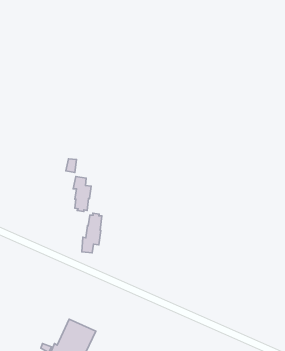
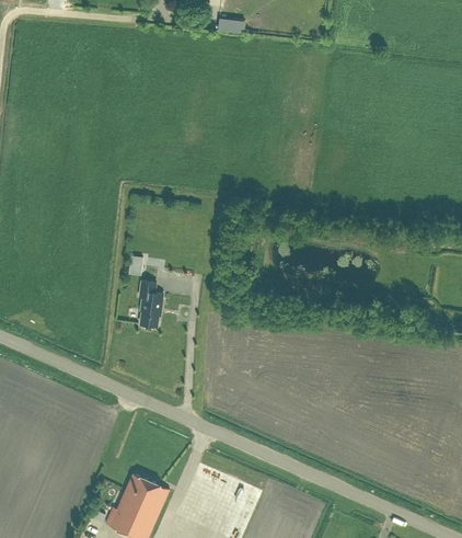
building: [82,213,102,253] -> none

